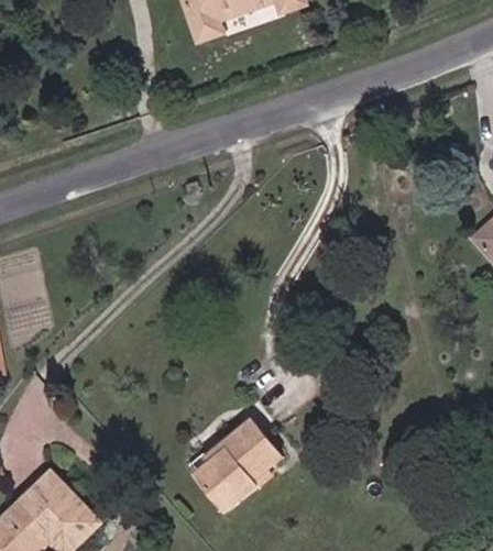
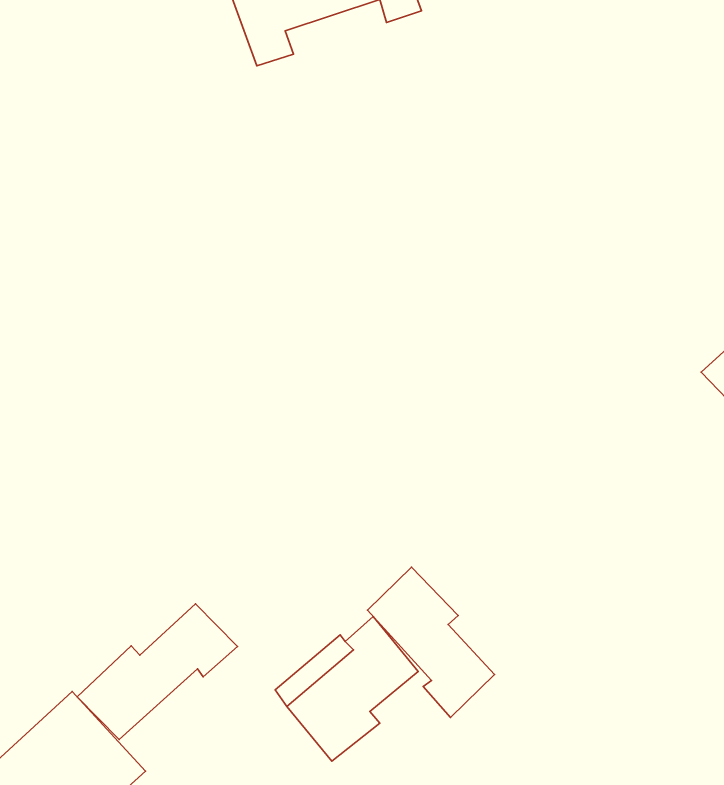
building: none -> [367,567,495,717]
building: none -> [77,604,237,740]

